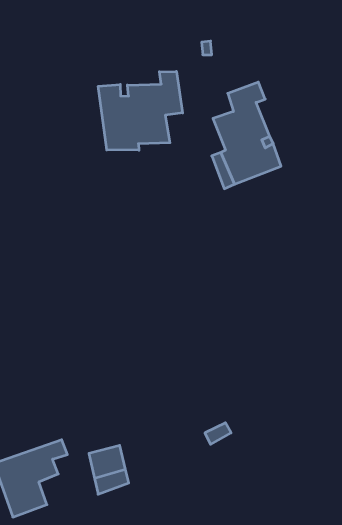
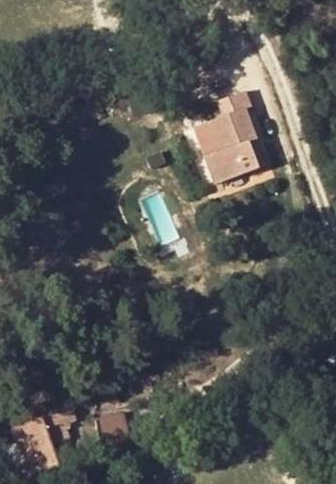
building: [98,71,183,150] -> none

